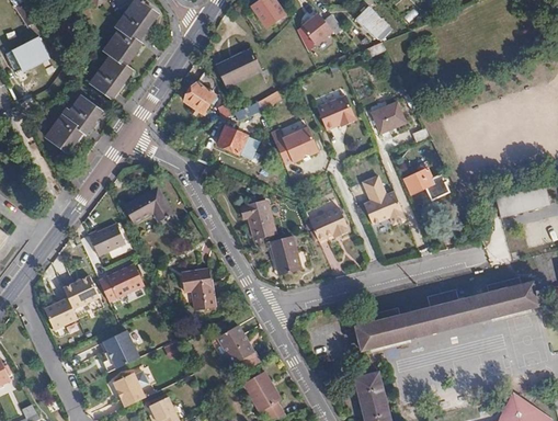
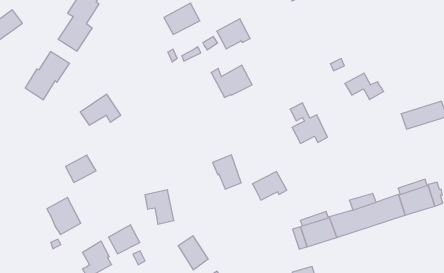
building: [185,70,219,113] -> none
building: [316,95,355,130] -> [217,19,250,49]
building: [371,101,405,133] -> none
building: [217,125,249,153] -> none
building: [402,168,448,200] -> [345,73,384,100]
building: [125,187,173,224] -> [80,94,121,125]
building: [240,197,274,236] -> none
building: [309,208,350,241] -> [252,172,287,200]
building: [106,261,144,295] -> [108,225,140,254]
building: [44,295,78,327] -> none

